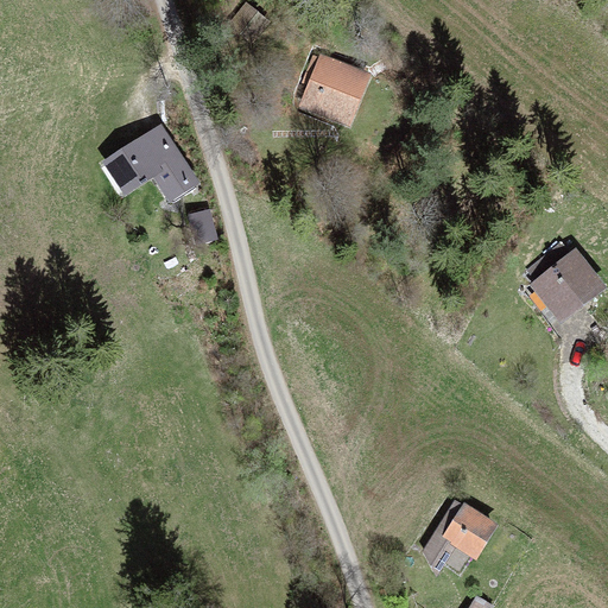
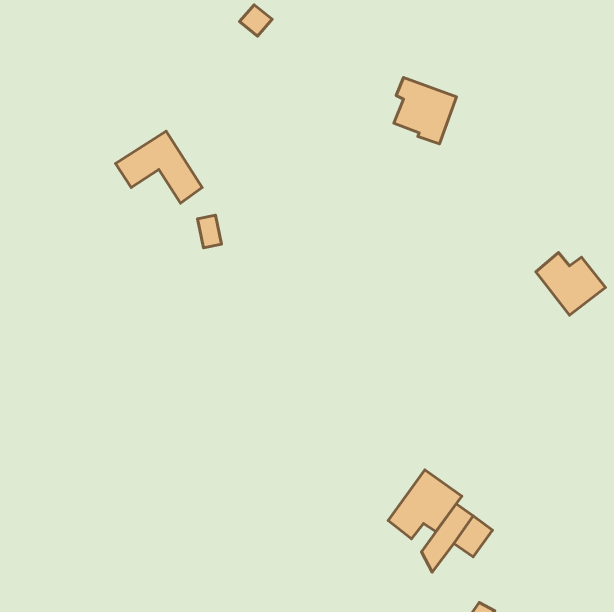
building: [309,56,370,121] -> [394,78,456,144]
building: none -> [388,470,462,539]

